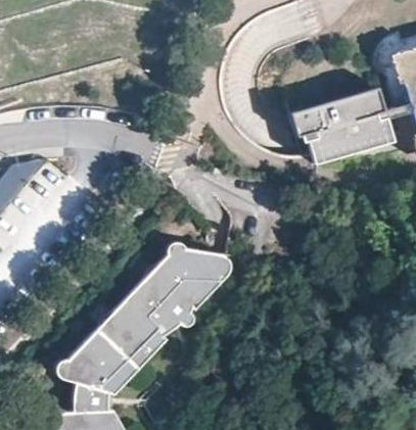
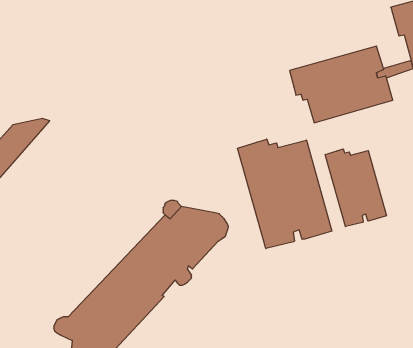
building: none -> [238,139,332,249]
building: none -> [325,149,386,227]

